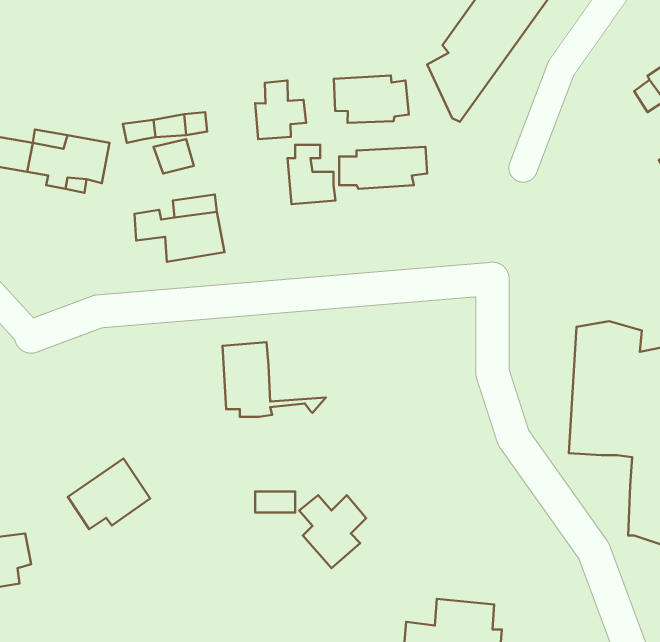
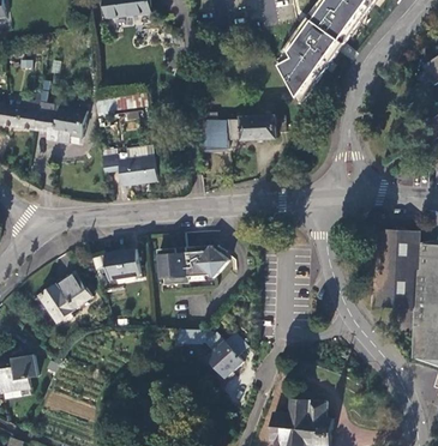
building: [334,76,409,123] -> none
building: [255,80,306,139] -> none
building: none -> [185,248,228,275]
building: none -> [104,251,140,281]
building: [68,458,150,529] -> [40,272,91,317]

